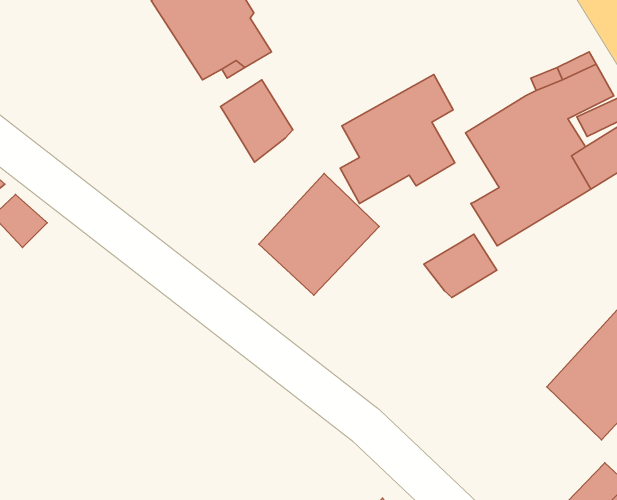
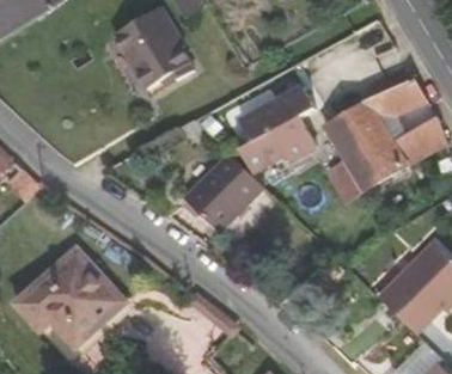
building: [221,80,293,162] -> none
building: [424,234,497,297] -> none
building: none -> [17,250,124,348]

